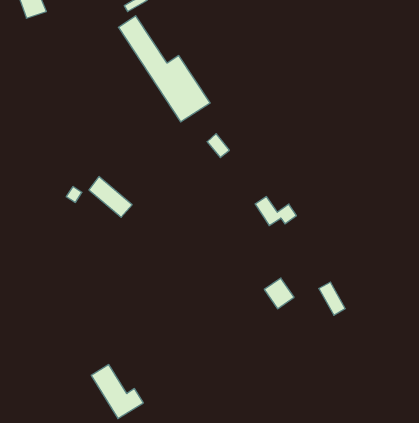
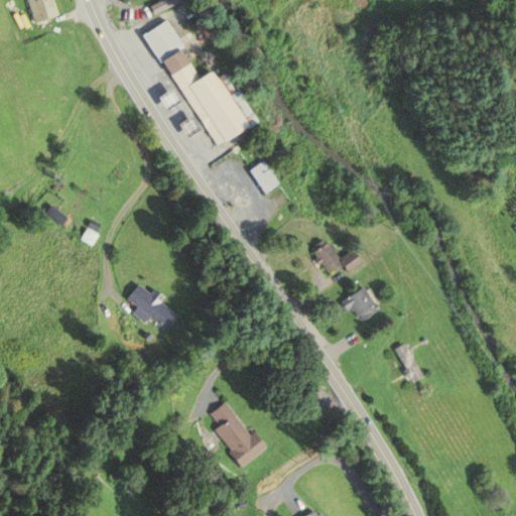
building: [89,177,132,217] -> [130,281,182,331]
building: [264,278,294,309] -> [343,286,379,324]
building: [91,365,143,419] -> [206,401,269,467]

